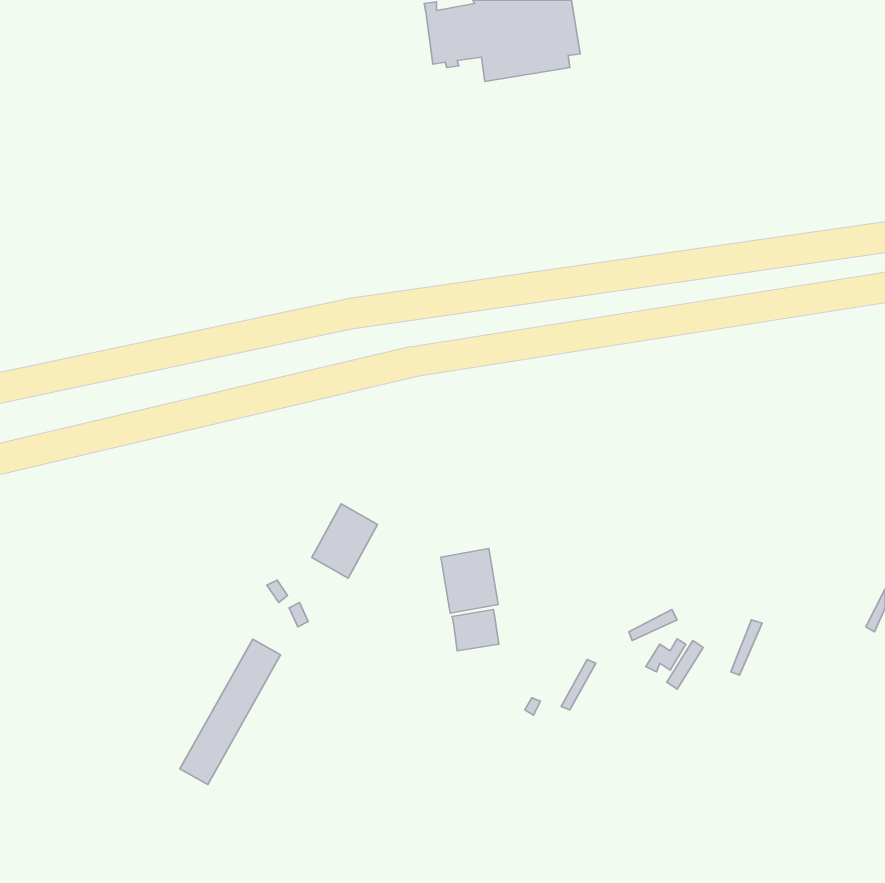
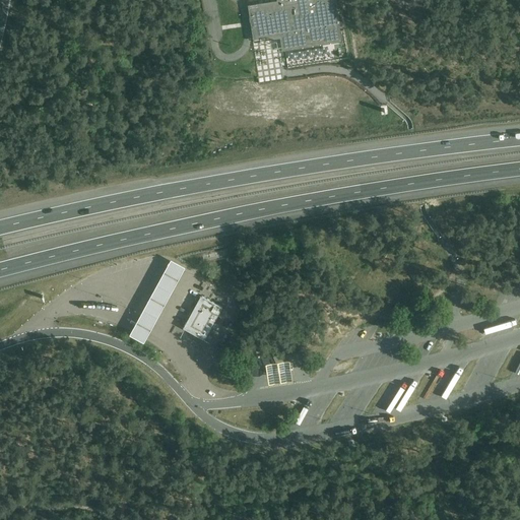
building: [441,548,498,613] -> none
building: [180,639,280,785] -> [128,258,187,343]

